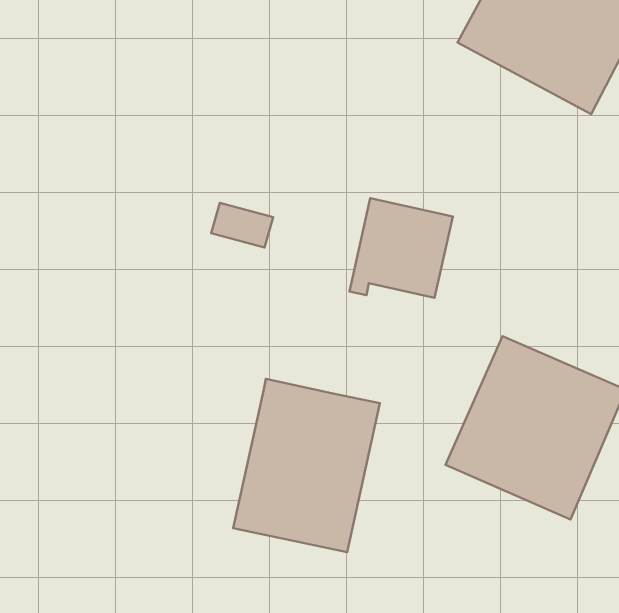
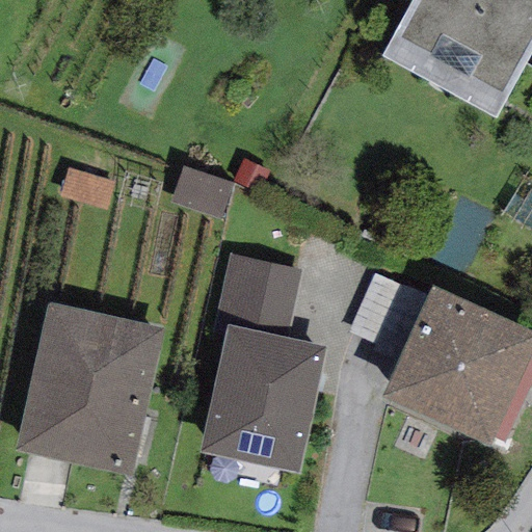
building: [350,198,453,298] -> [212,251,300,337]
building: none -> [17,302,162,475]

